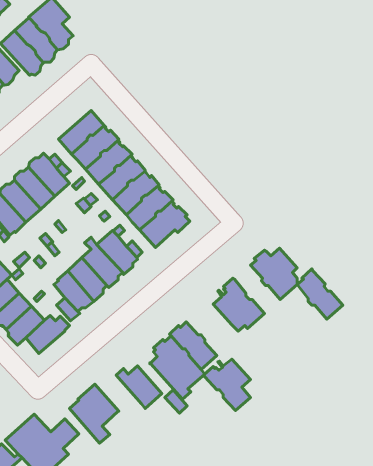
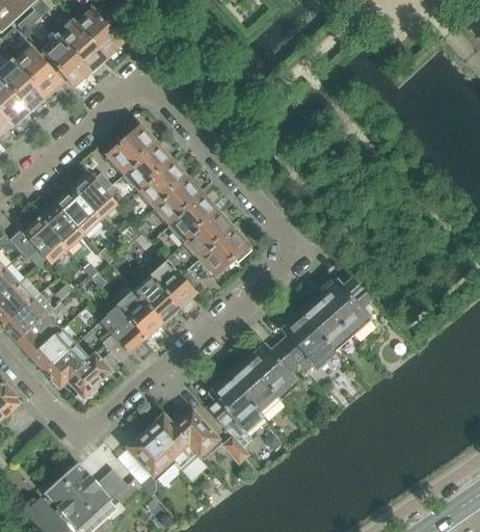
building: [297,269,343,319] -> [301,295,352,351]
building: [204,359,250,410] -> [246,341,298,398]
building: none -> [145,414,197,469]

